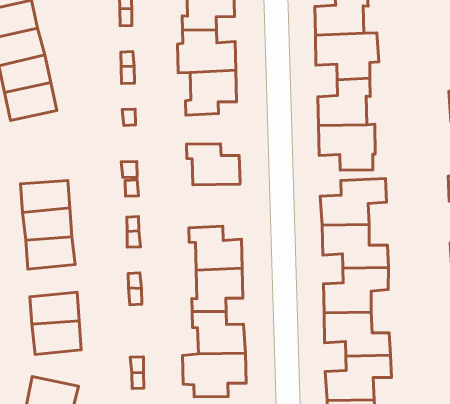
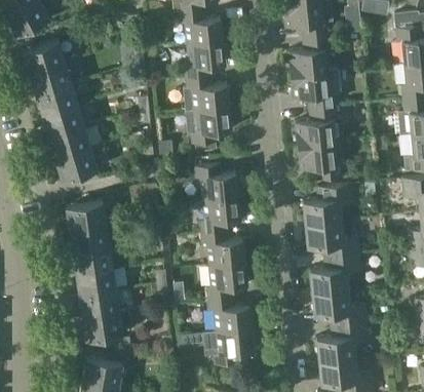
building: none -> [54,147,98,180]
building: none -> [199,194,246,232]
building: none -> [76,267,116,295]

